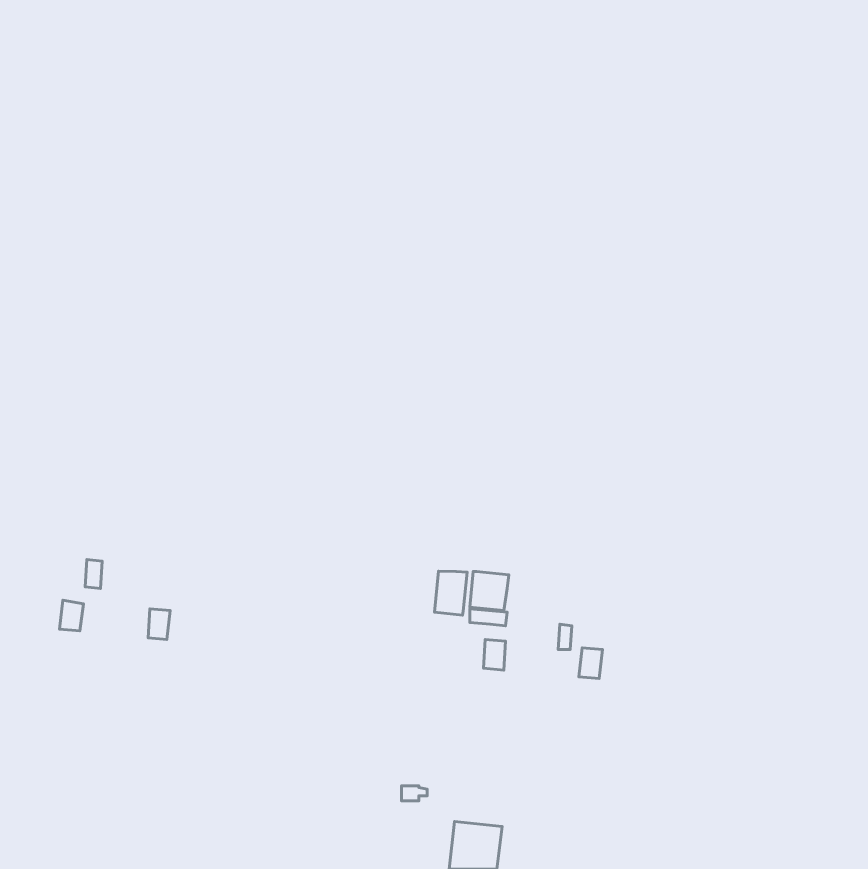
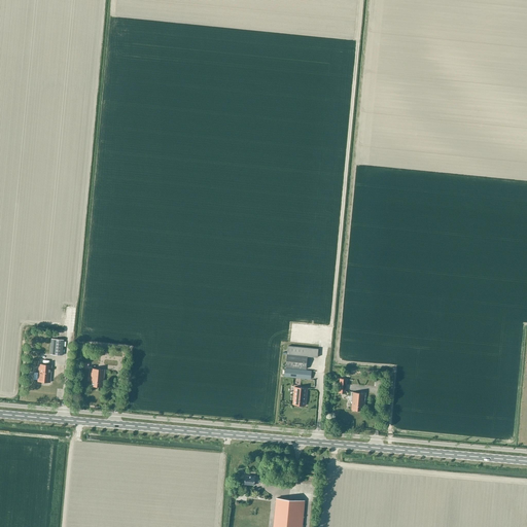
building: [435,571,467,615] -> none

